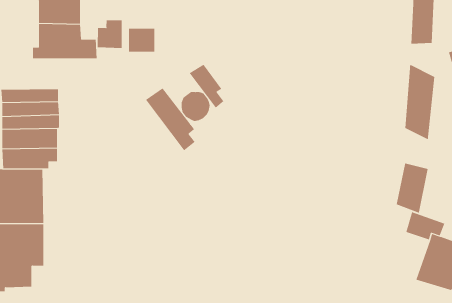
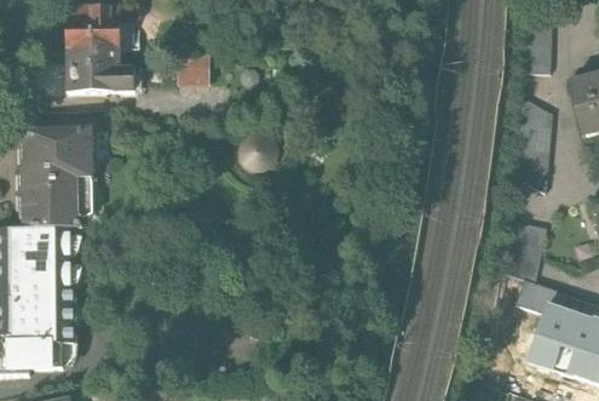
building: [97,20,122,49] -> none
building: [189,64,224,109] -> none
building: [145,88,196,151] -> none

